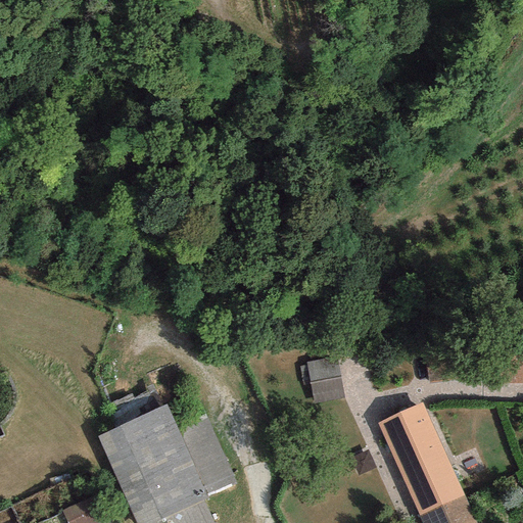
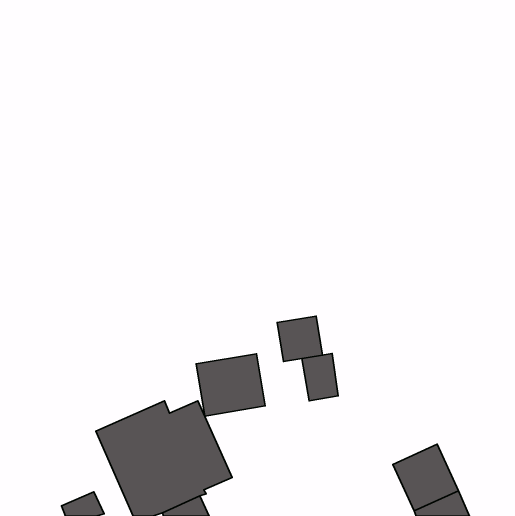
building: none -> [277,316,323,362]
building: none -> [196,354,265,416]
building: [378,403,443,470] -> none

